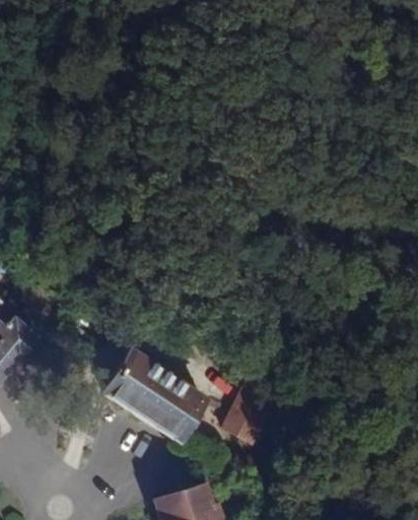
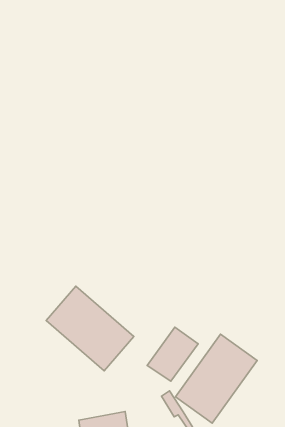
building: none -> [175,334,257,423]

